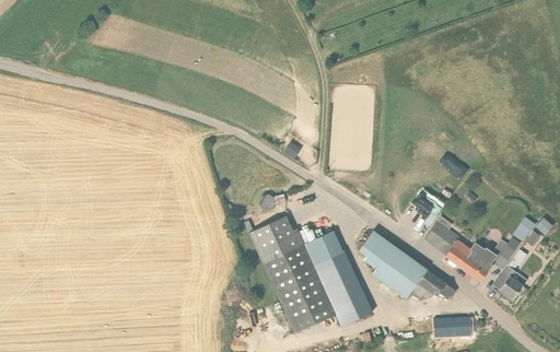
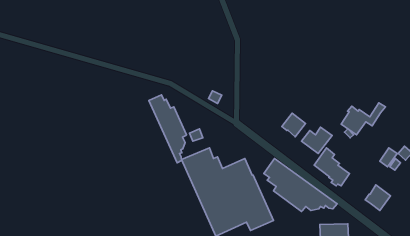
building: none -> [149,95,187,163]
building: none -> [282,113,305,137]
building: [462,238,521,281] -> [341,103,386,135]

